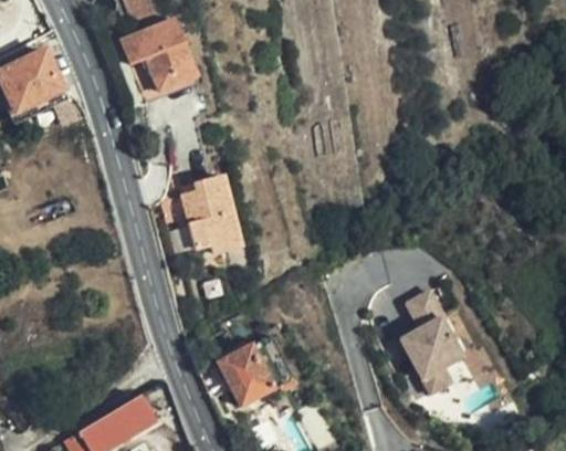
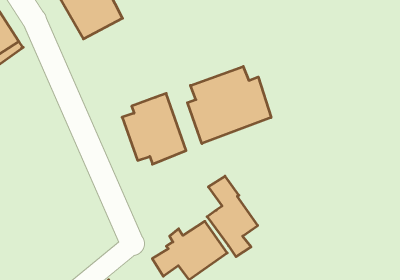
building: none -> [187,66,271,144]
building: [399,290,460,390] -> [207,176,258,257]

